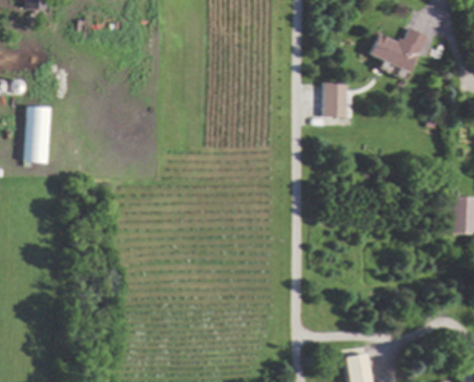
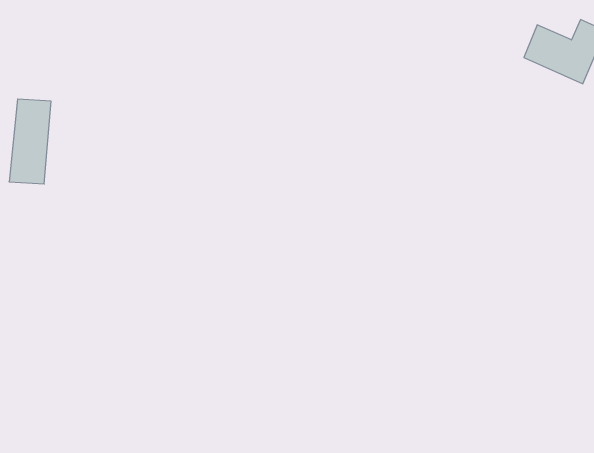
building: [326,83,349,116] -> none

